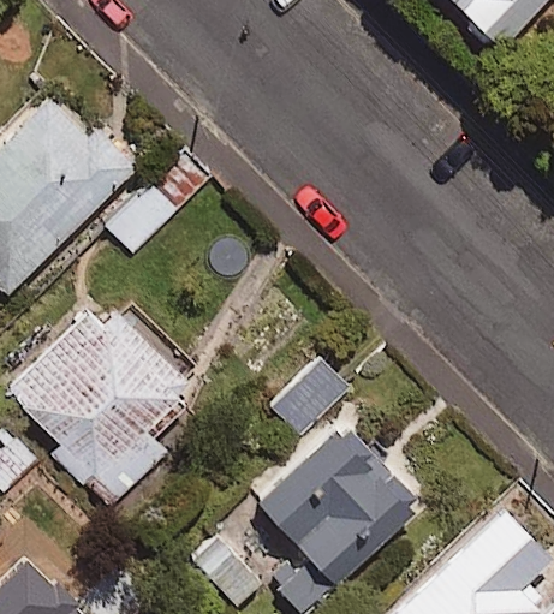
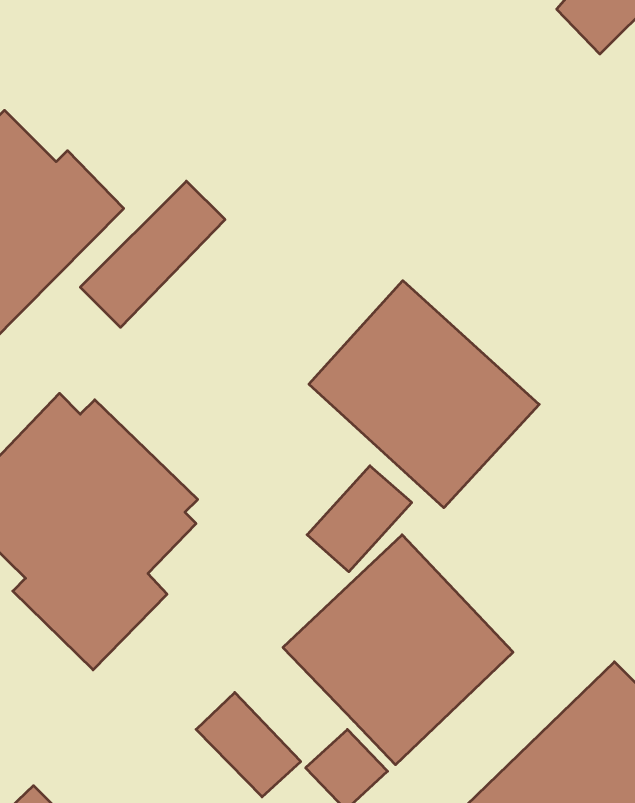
building: none -> [309,281,539,508]

